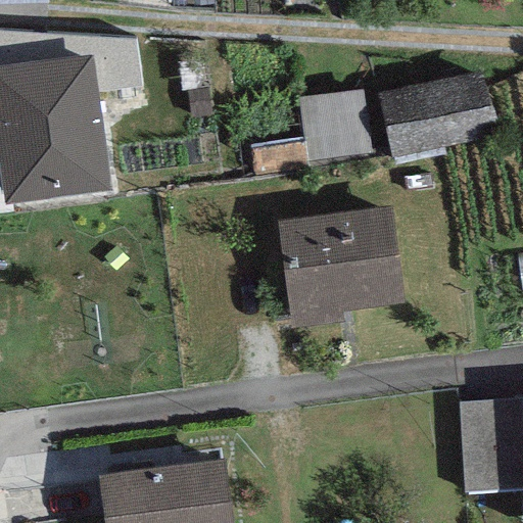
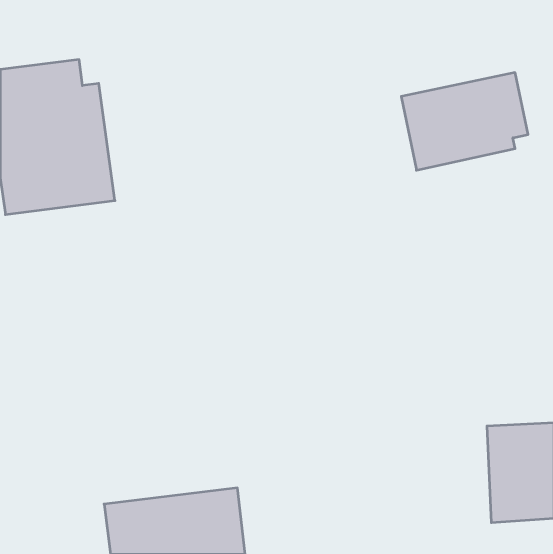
building: [300,91,372,161] -> none
building: [279,207,401,327] -> none

